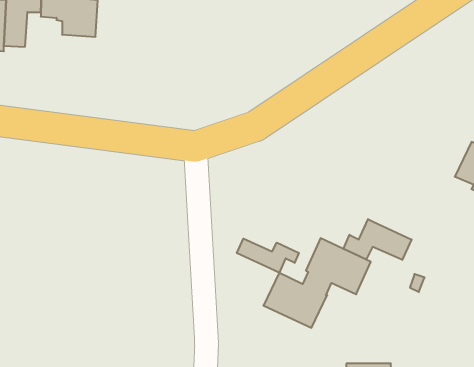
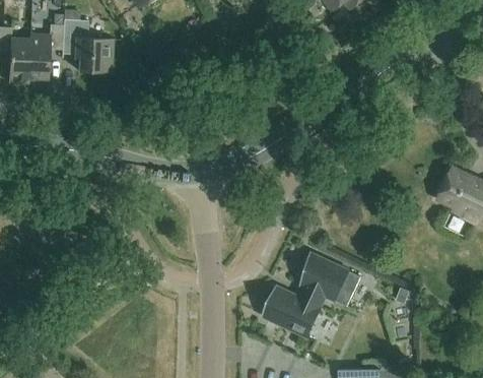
building: [343,219,412,260] -> none
building: [237,239,299,273] -> none

